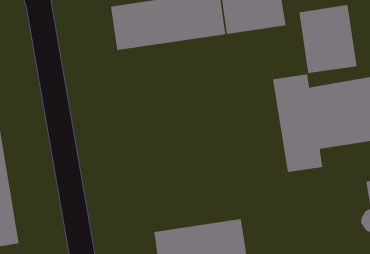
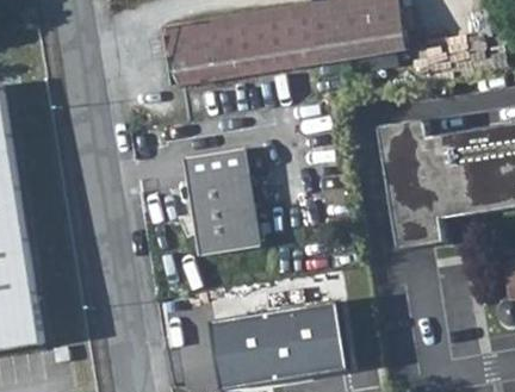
building: [299,4,357,74] -> none
building: none -> [181,148,261,255]

